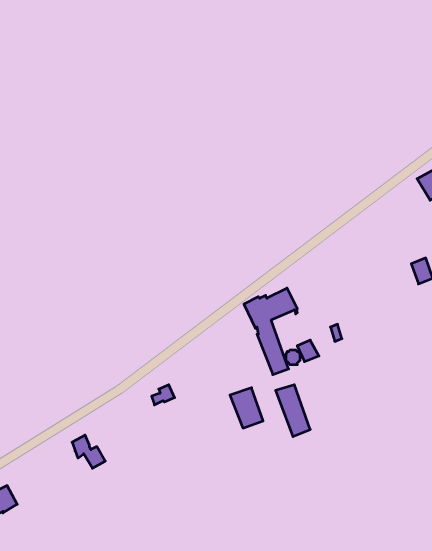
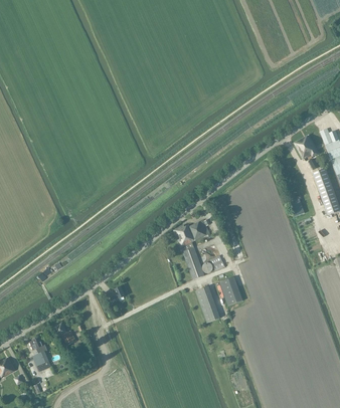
building: [230,388,263,428] -> [219,277,242,305]
building: none -> [29,338,51,371]

